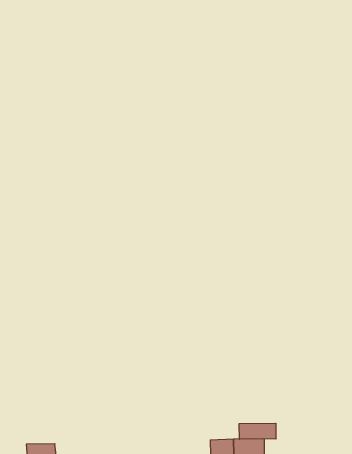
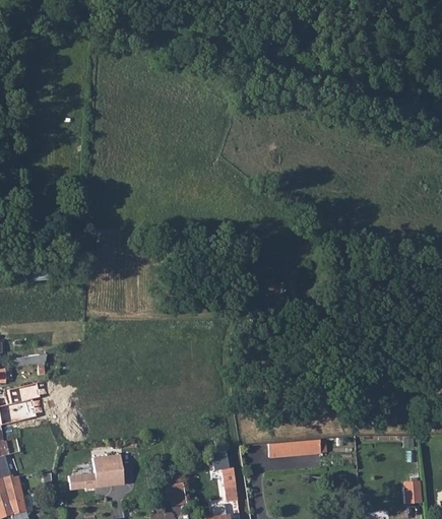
building: [239,423,276,439] -> none

